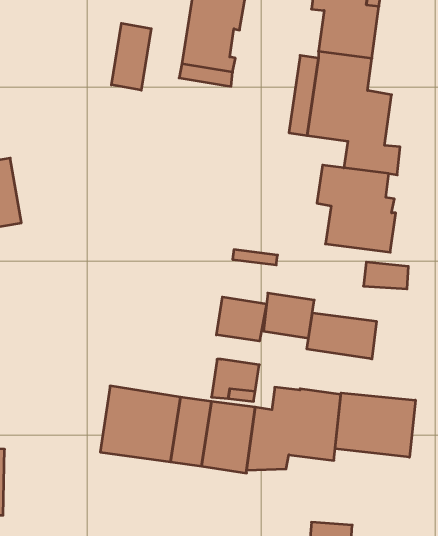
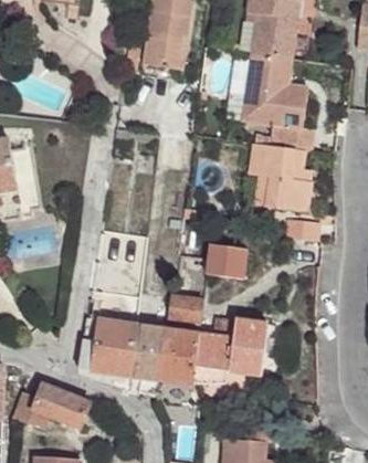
building: [111,23,151,90] -> none
building: [216,297,267,341] -> none
building: [307,313,376,359] -> none
building: [335,393,415,457] -> none
building: none -> [14,382,92,428]

